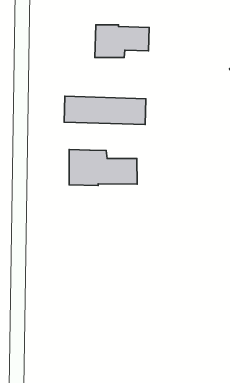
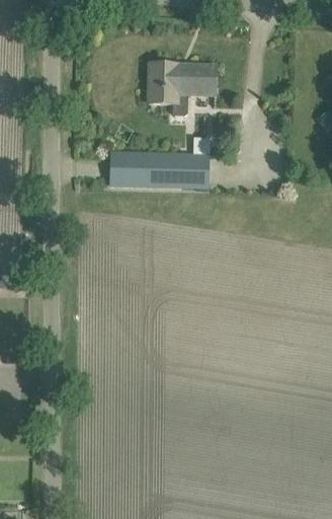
building: [69,149,137,186] -> none

